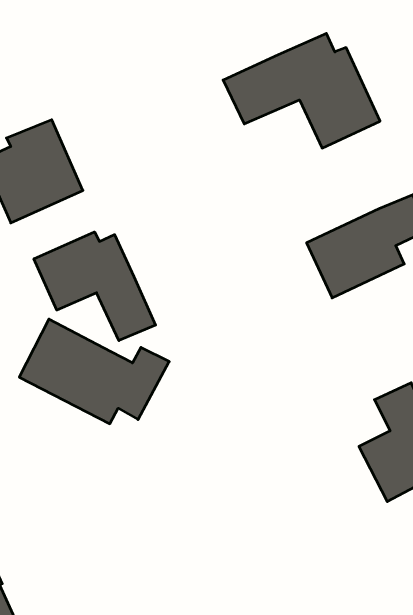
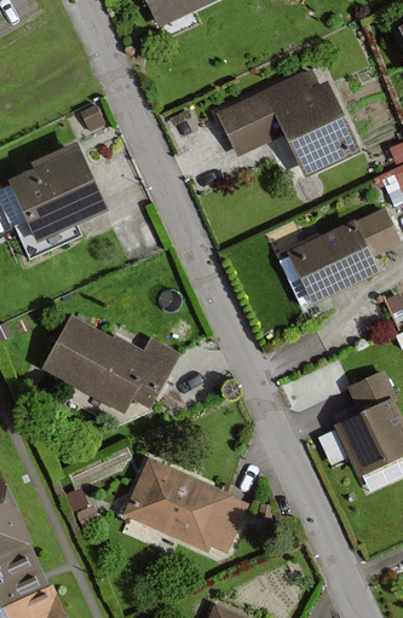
building: [34,232,156,341] -> none
building: none -> [126,462,241,549]

